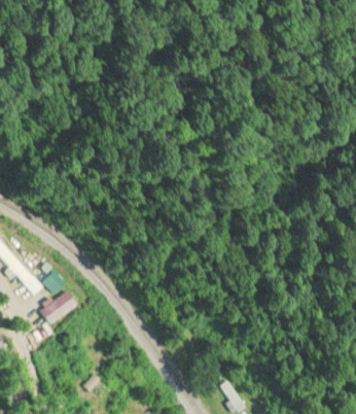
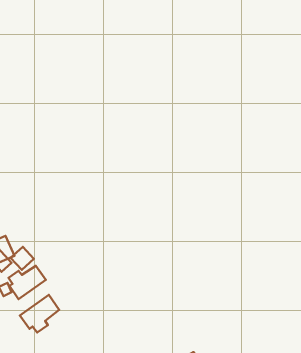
building: none -> [20,295,59,333]

